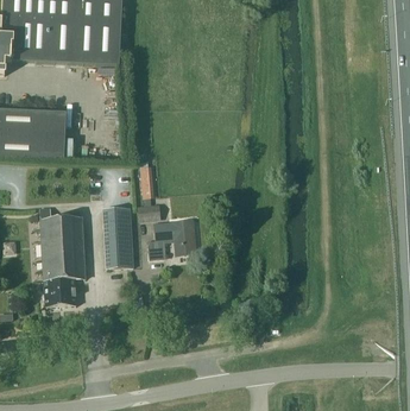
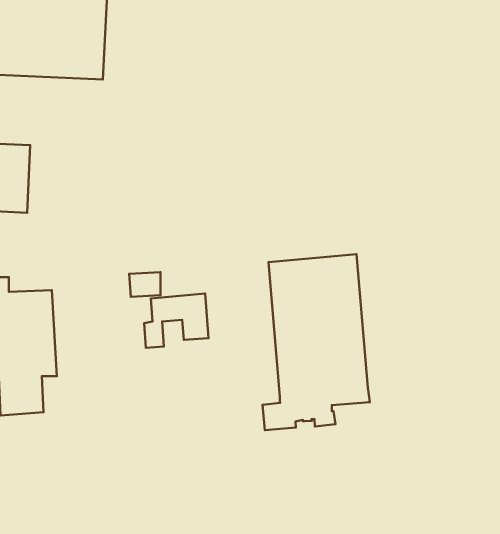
building: none -> [262,254,370,430]
building: [102,206,133,266] -> none

